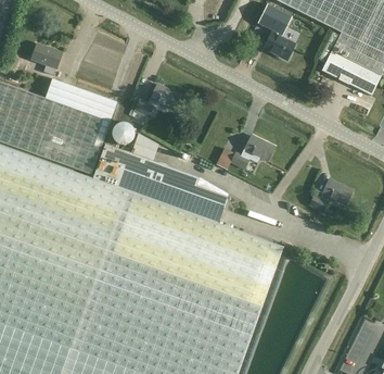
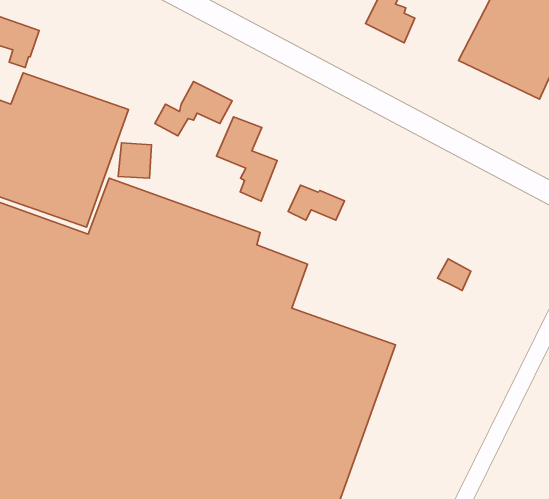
building: none -> [217,117,277,201]
building: [244,136,274,162] -> none
building: [322,179,353,205] -> none

